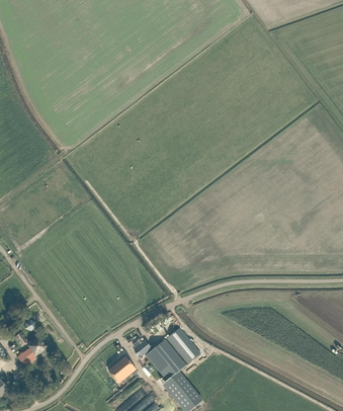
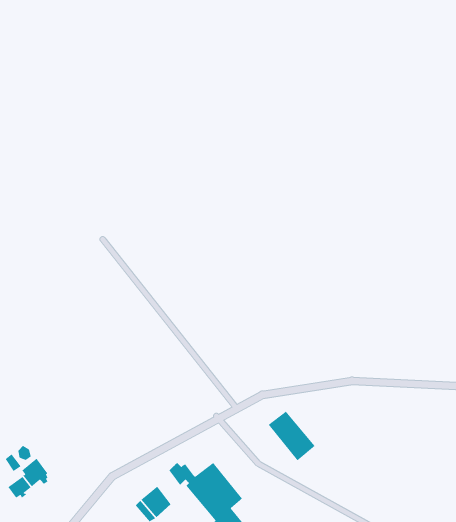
building: [166,327,200,363] -> [268,411,315,461]

